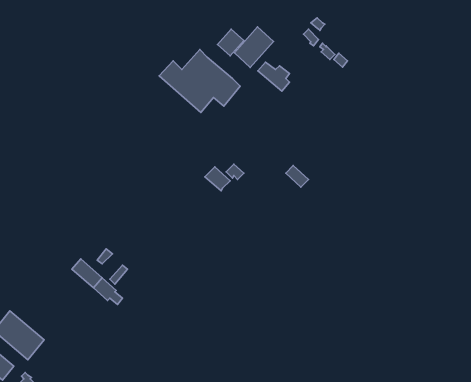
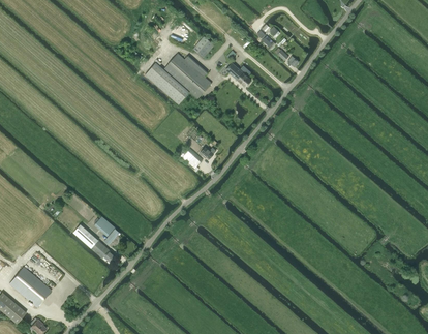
building: [234,27,273,67] -> none

